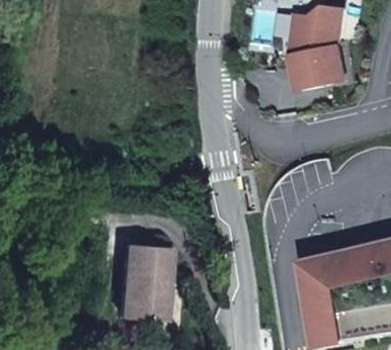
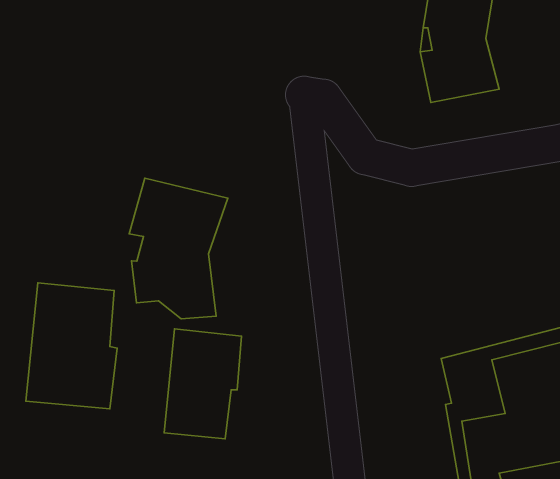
building: none -> [129,178,228,319]
building: none -> [26,283,117,409]

